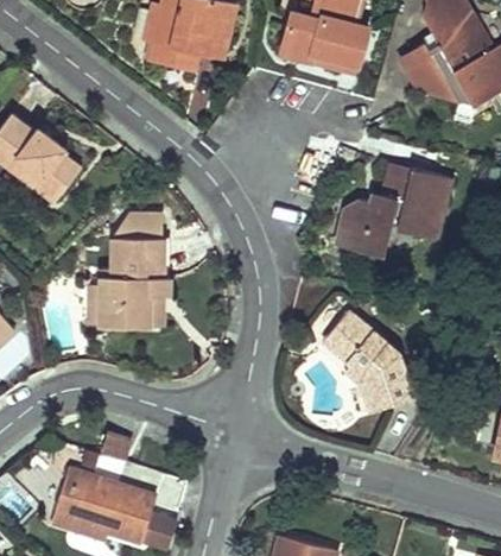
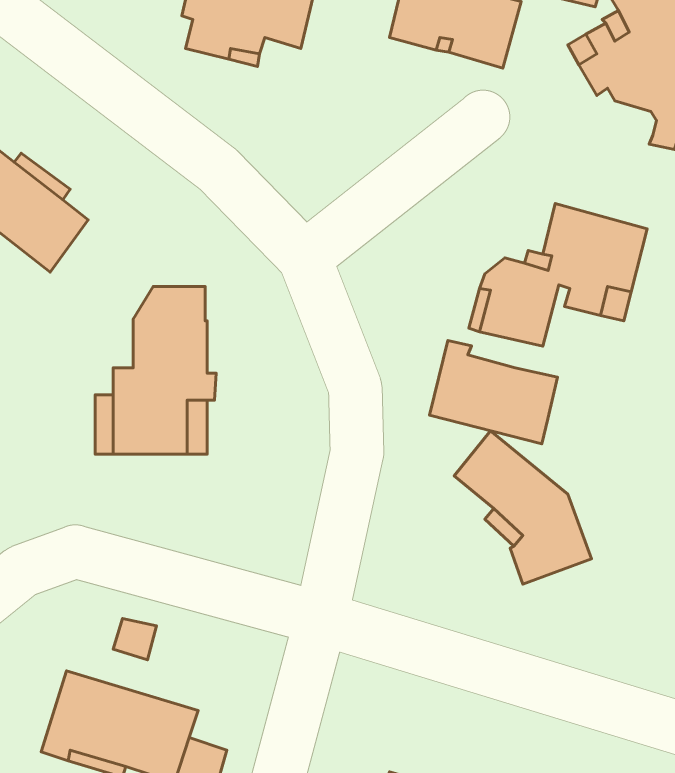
building: none -> [429,340,558,444]

